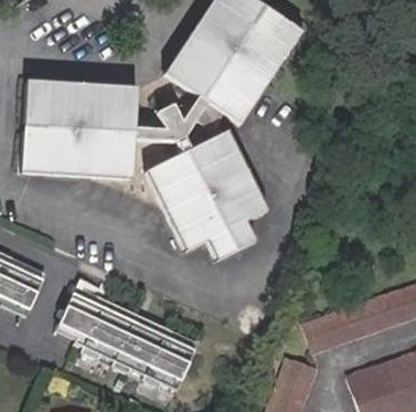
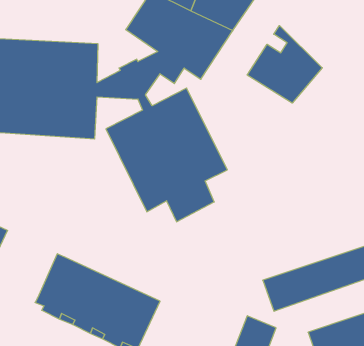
building: none -> [247,26,322,103]
building: [57,277,113,339] -> none

